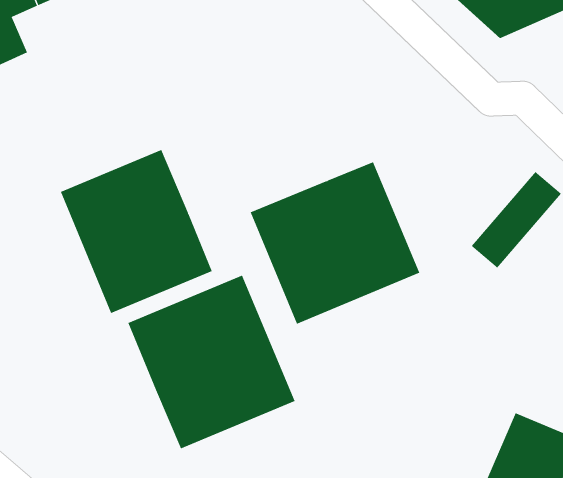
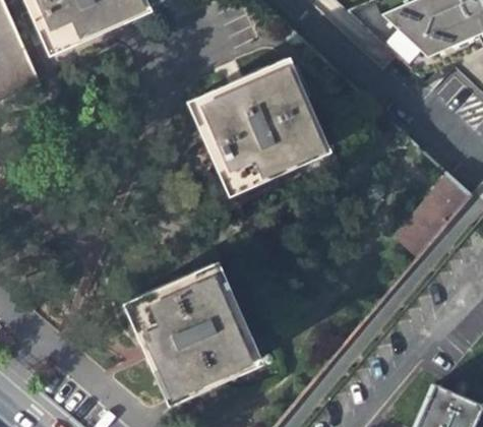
building: [60,149,212,314] -> none
building: [250,162,420,325] -> [190,59,327,190]

